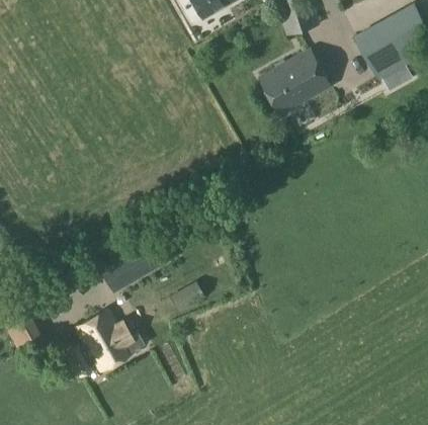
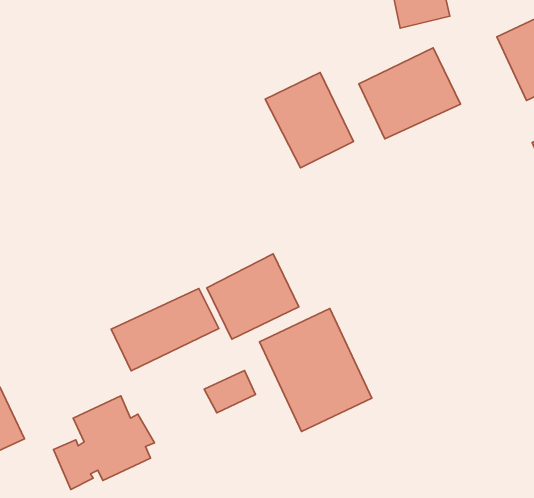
building: none -> [265,73,353,168]
building: none -> [207,254,299,339]
building: none -> [260,308,372,432]

